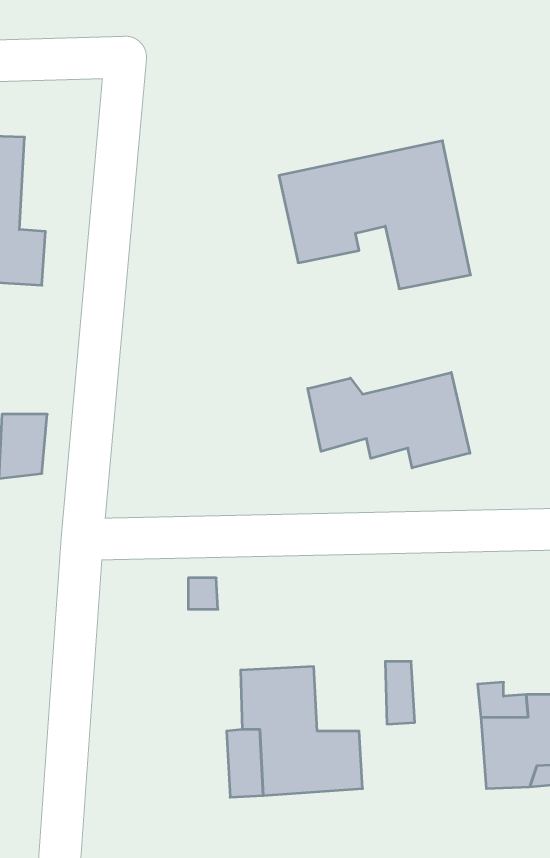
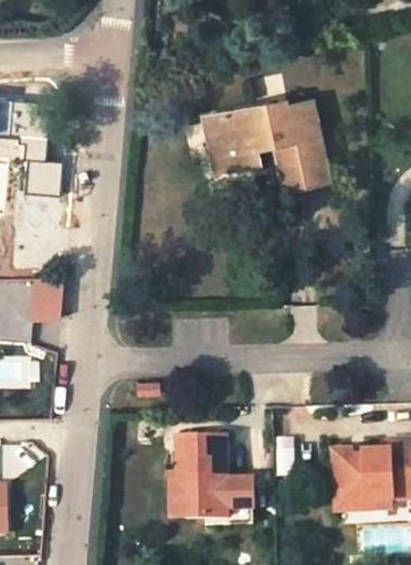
building: [308,372,470,468] -> none

